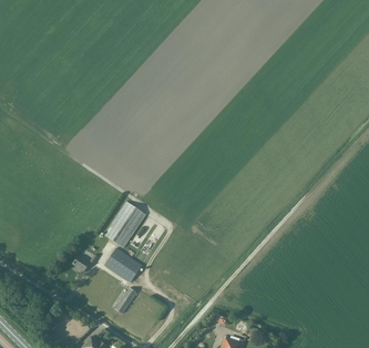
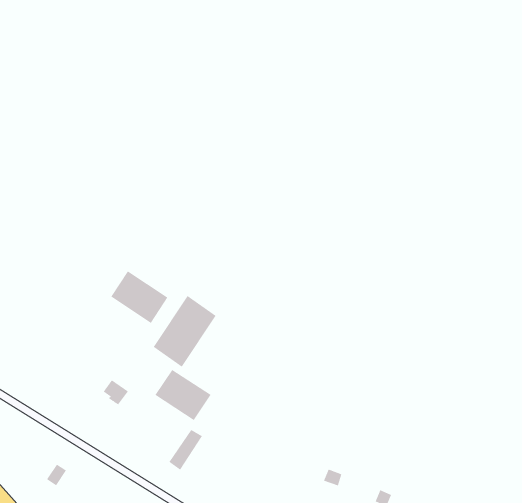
building: none -> [110,270,168,324]

